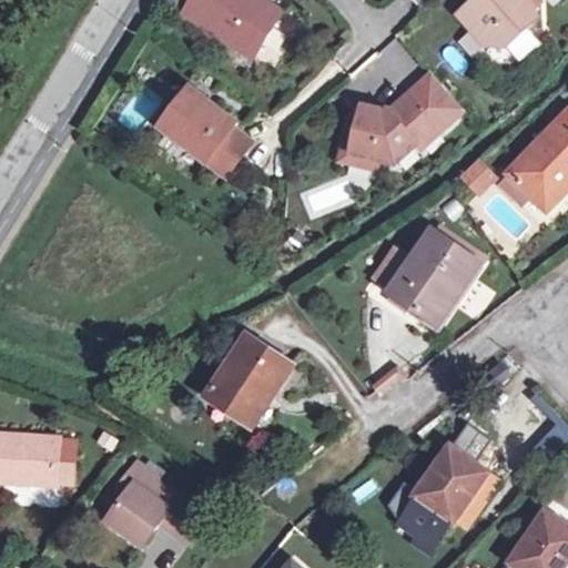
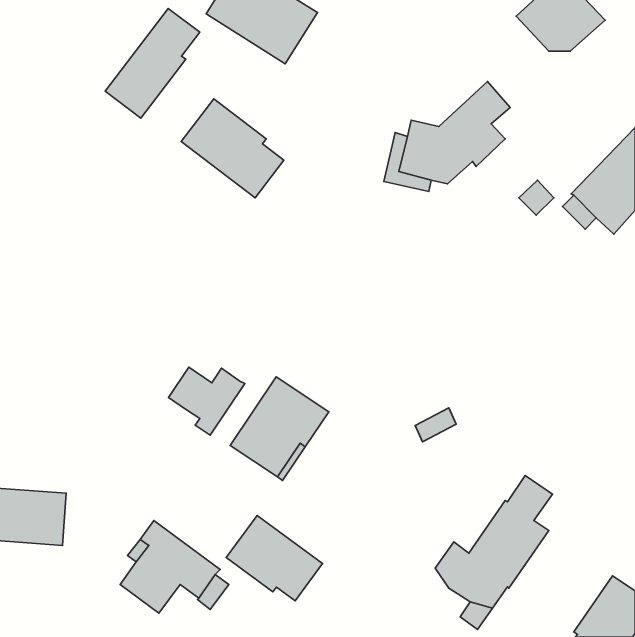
building: none -> [105,8,200,118]
building: [373,229,476,322] -> none
building: none -> [169,367,245,435]
building: none -> [226,515,323,601]

